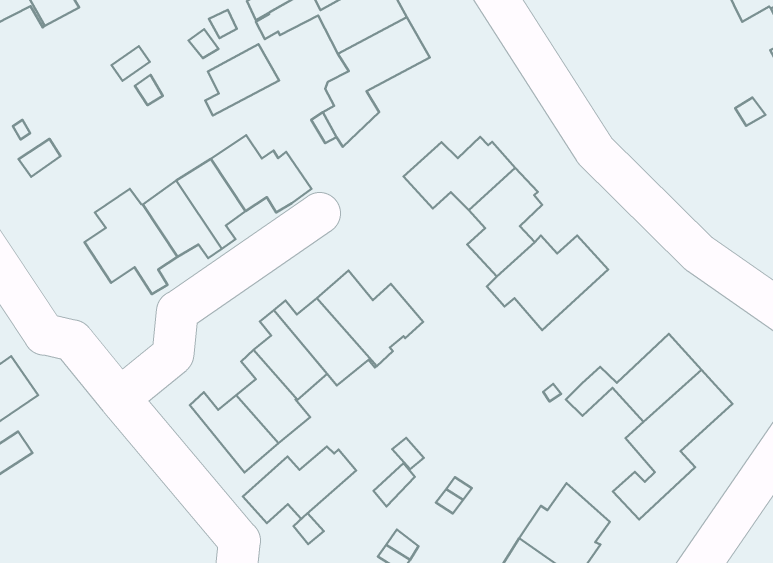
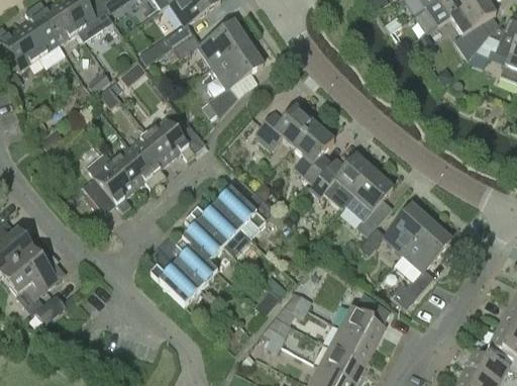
building: [205,44,279,116] -> none
building: none -> [341,172,393,236]
building: [243,446,356,523] -> none

